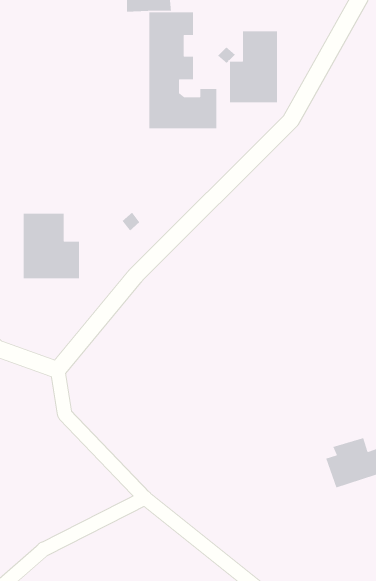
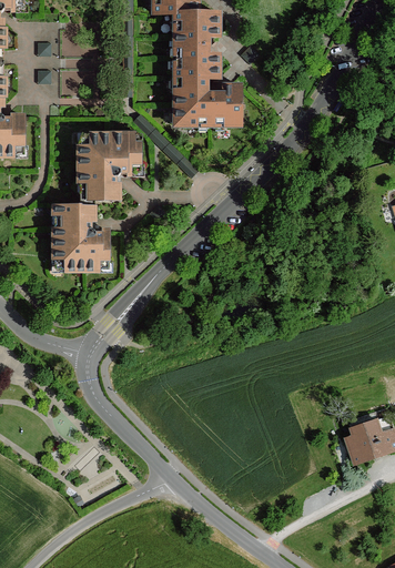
building: [229,30,278,103] -> none
building: none -> [78,135,139,205]

